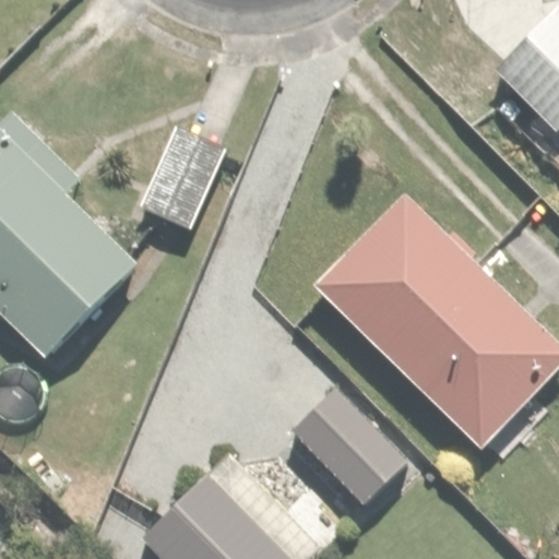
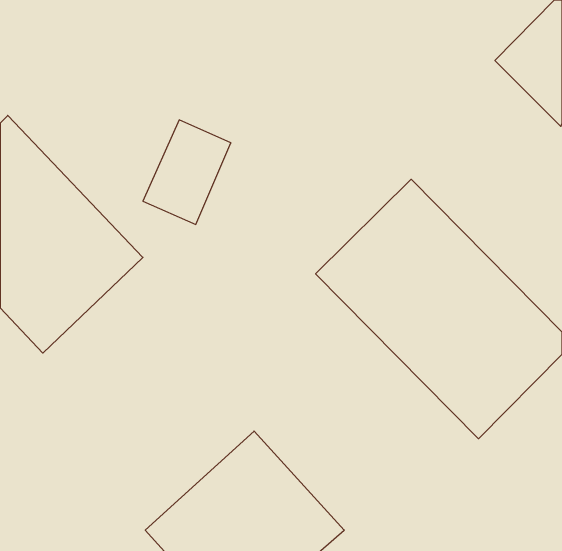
building: [287,389,407,510] -> none

